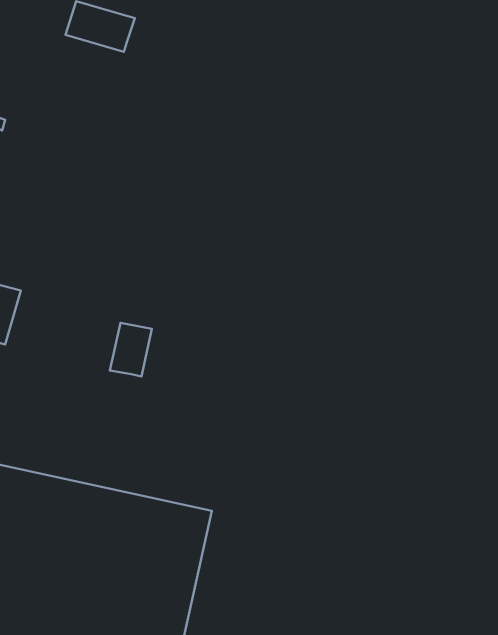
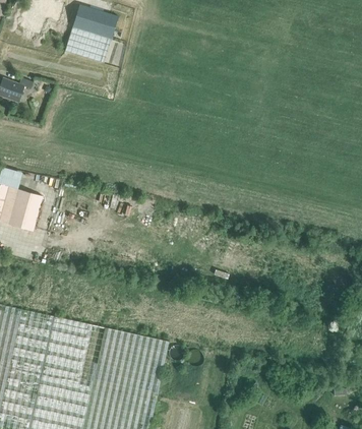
building: none -> [65,26,111,62]
building: [110,323,152,376] -> none

